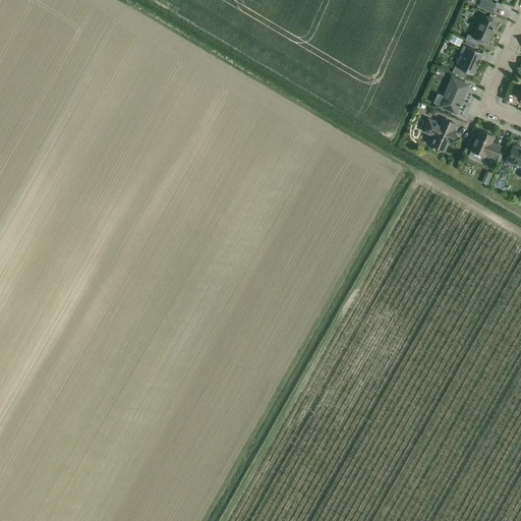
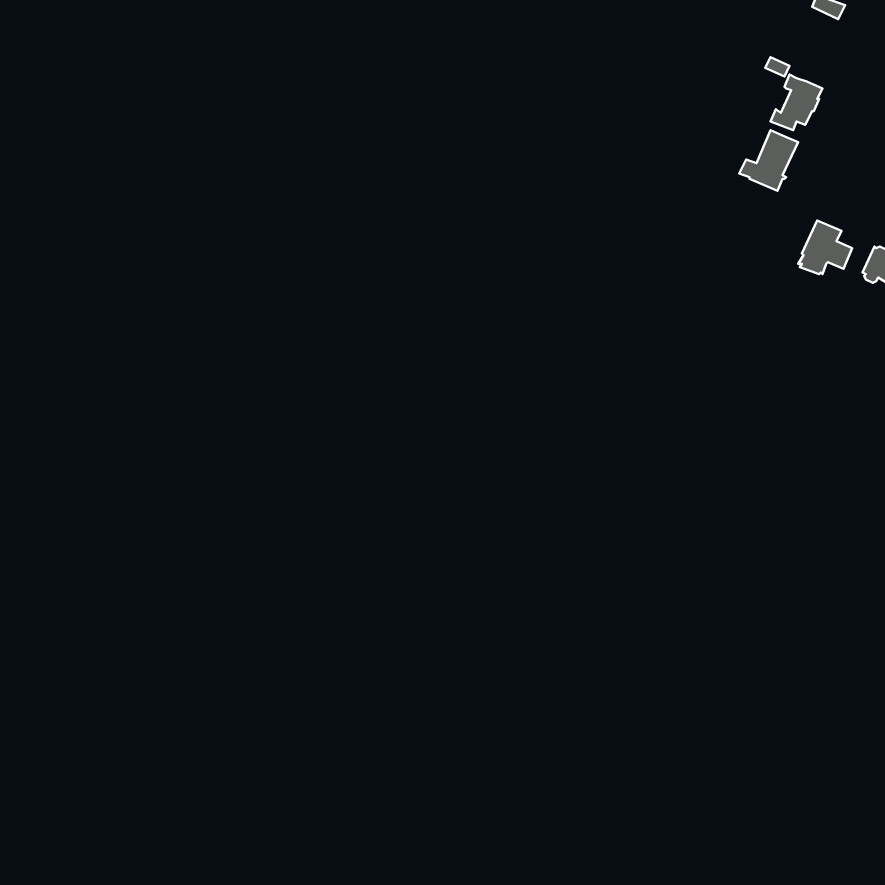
building: [466,14,498,45] -> none
building: [424,117,457,151] -> none

